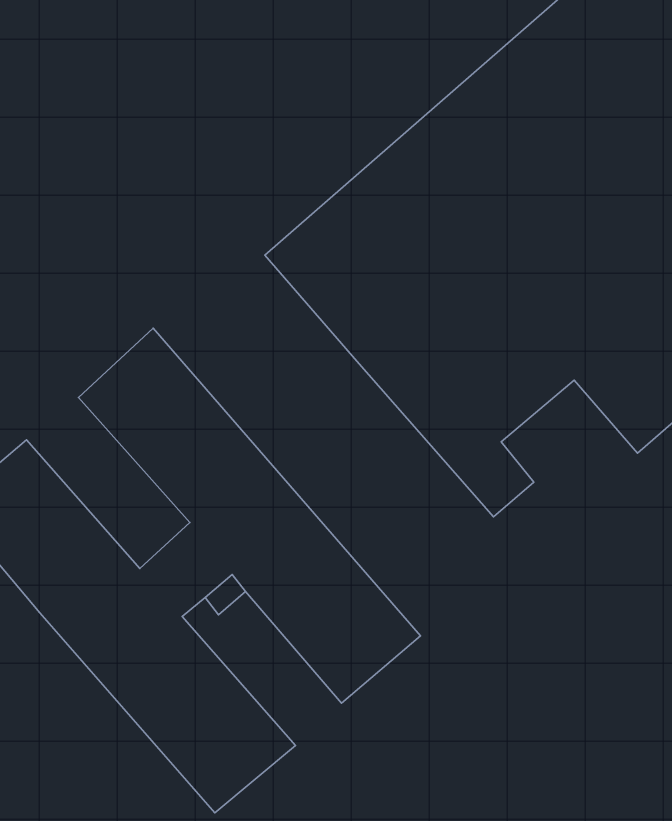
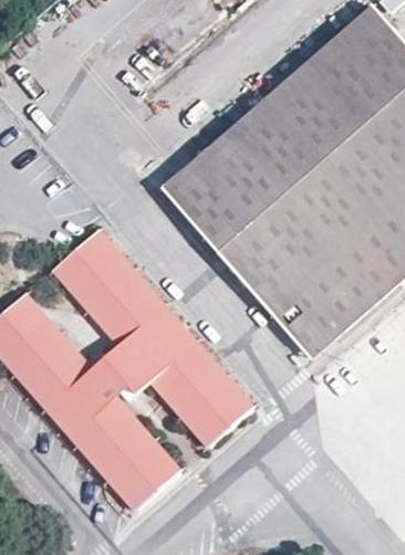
building: none -> [293,260,376,358]

